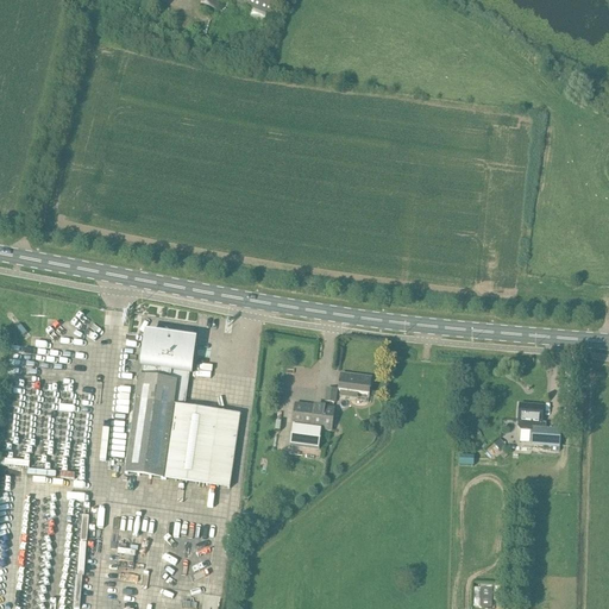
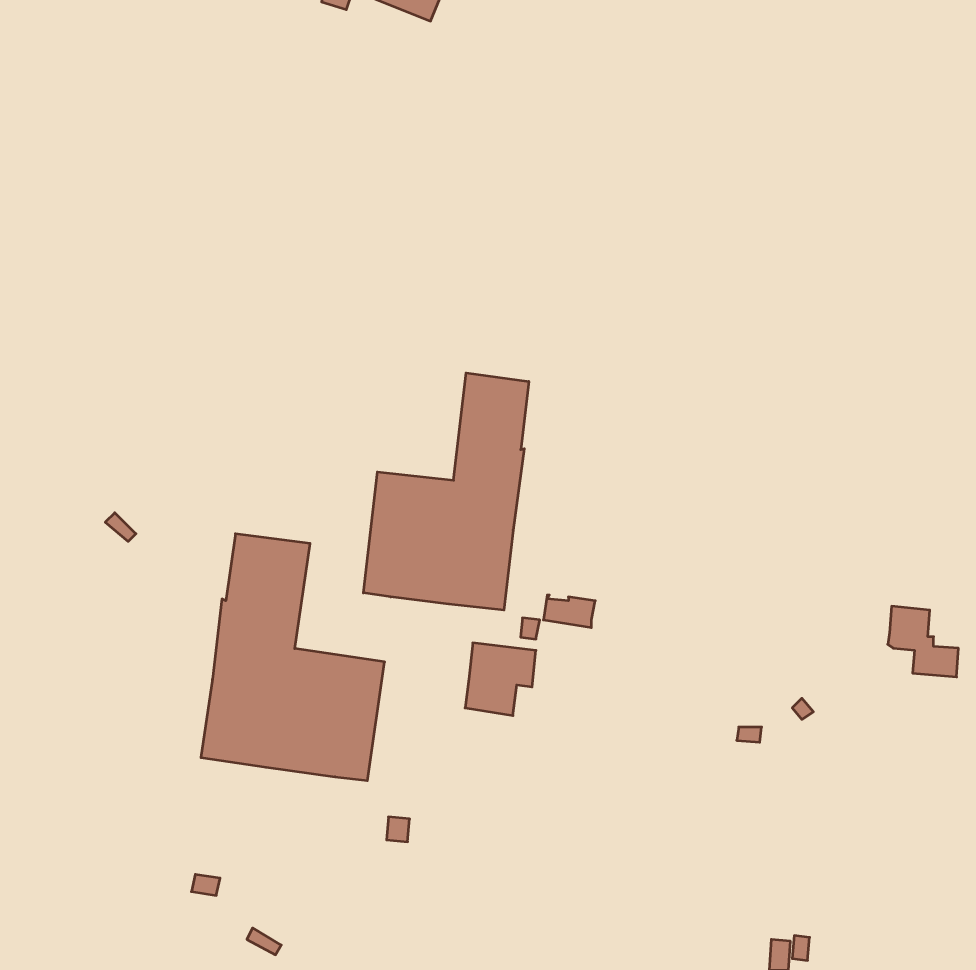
building: none -> [363,373,529,610]
building: [516,400,560,444] -> [888,606,958,677]

